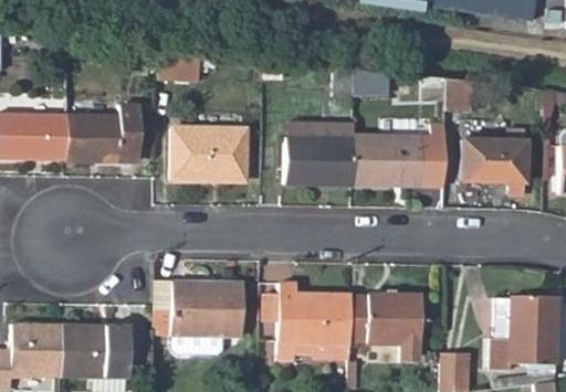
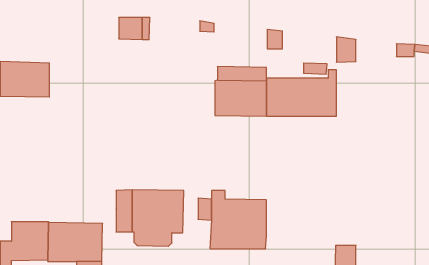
building: [67,108,142,161] -> none
building: [176,118,245,181] -> none
building: [462,128,523,182] -> none
building: [352,295,421,362] -> none
building: [492,295,559,370] -> none

